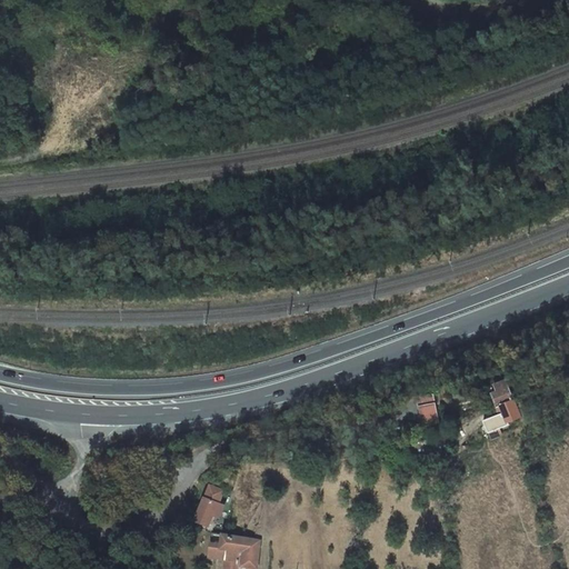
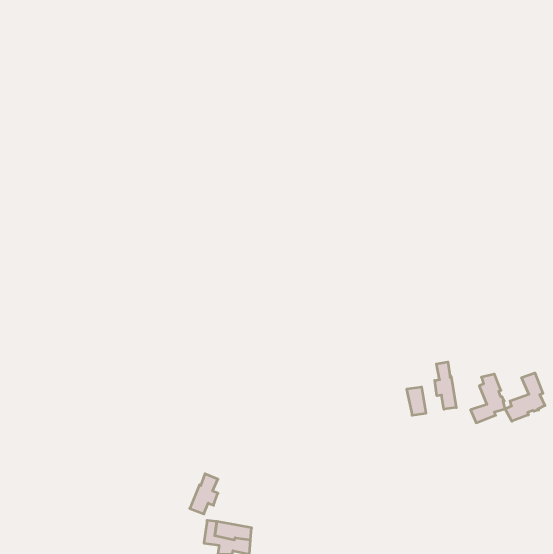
building: none -> [435,362,456,409]
building: none -> [505,373,545,421]

